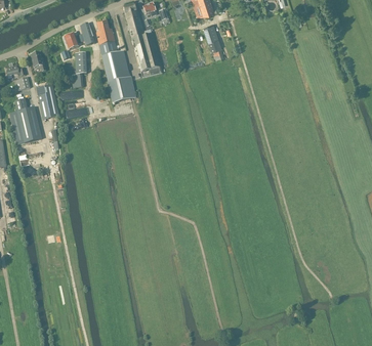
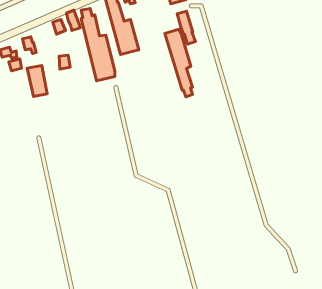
building: none -> [165,29,193,97]
building: [14,99,41,143] -> none

